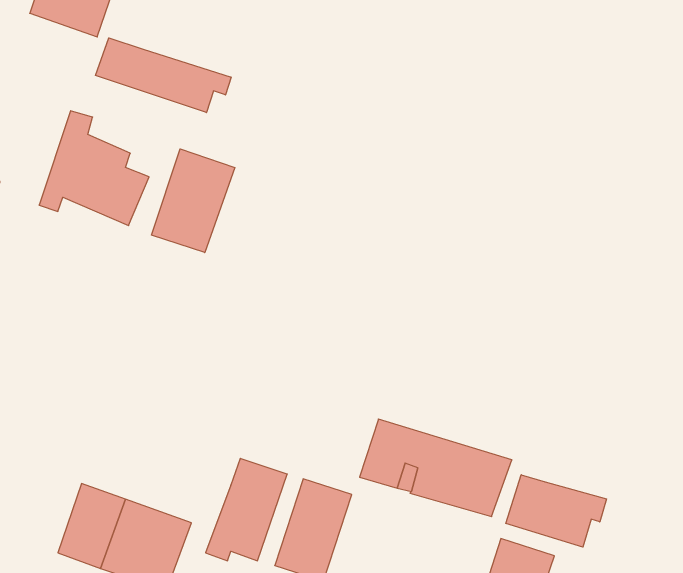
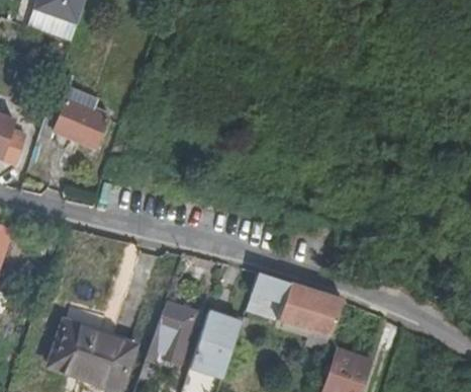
building: [96,38,231,113] -> none
building: [151,149,235,253] -> none
building: [506,475,606,547] -> none

